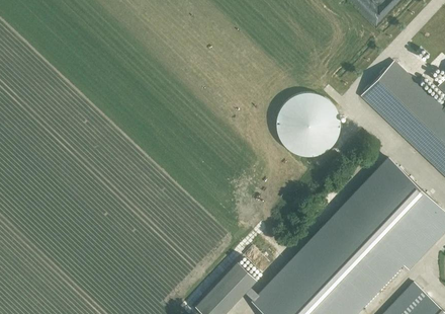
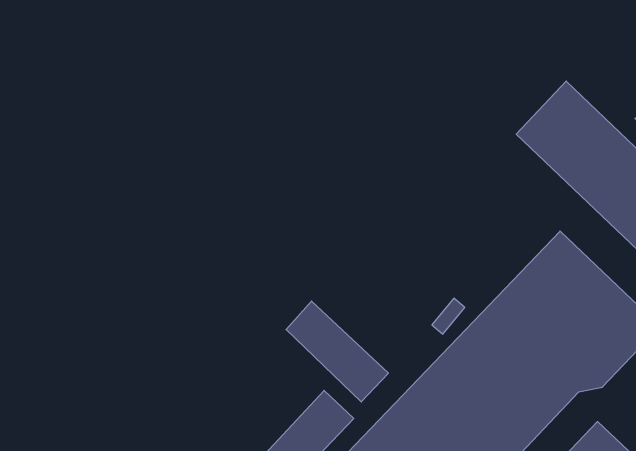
building: [276,92,340,156] -> none
building: none -> [286,301,388,402]

